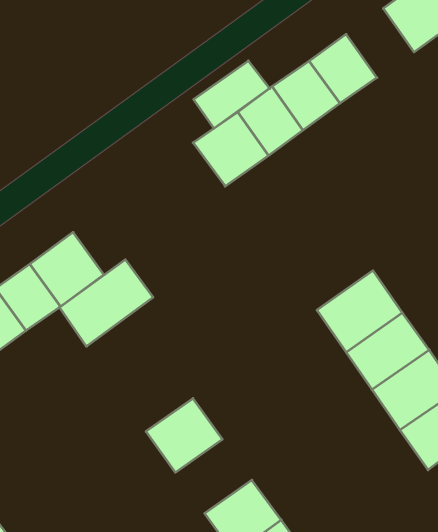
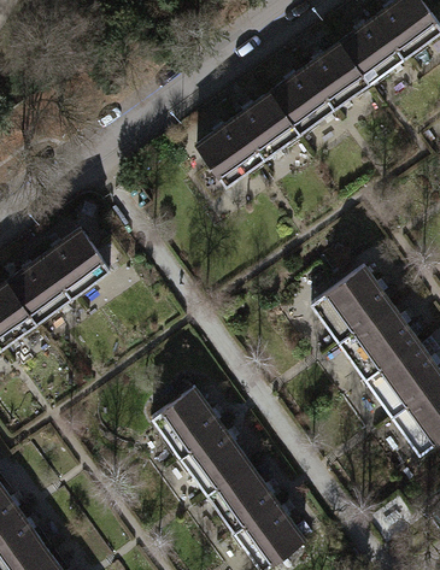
building: none -> [340,17,404,82]
building: [194,61,270,128] -> none
building: [59,260,153,346] -> none
building: none -> [178,423,251,493]

